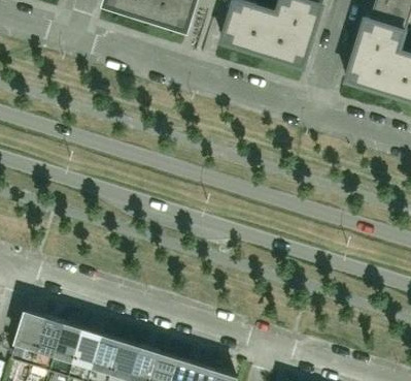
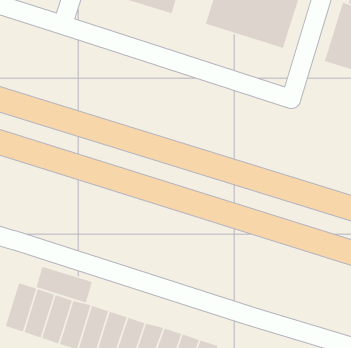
building: none -> [35,266,93,304]

